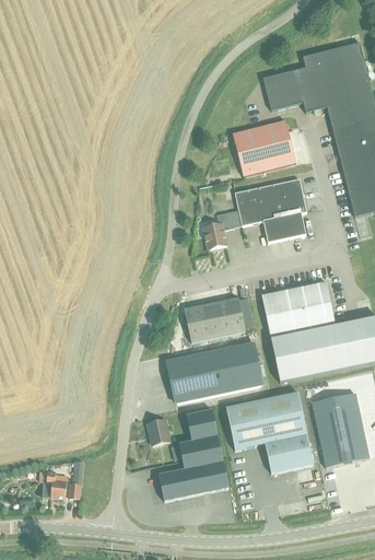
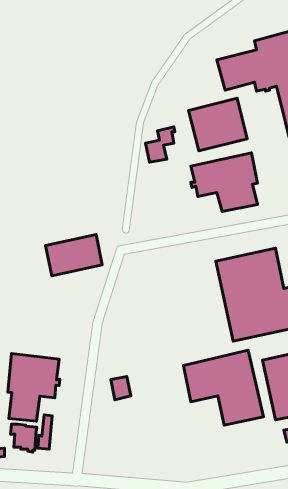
building: [203,210,235,248] -> [145,127,175,162]
building: [184,298,245,342] -> [46,234,102,276]
building: [167,342,261,404] -> none
building: none -> [8,354,60,421]
building: [159,410,228,501] -> none

